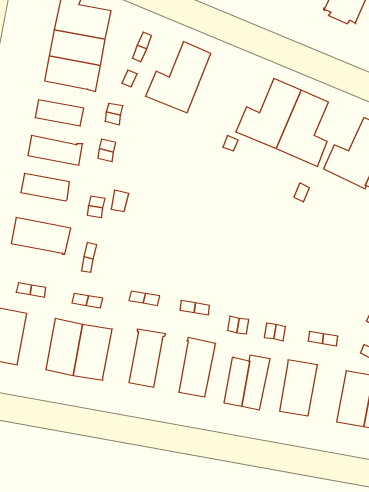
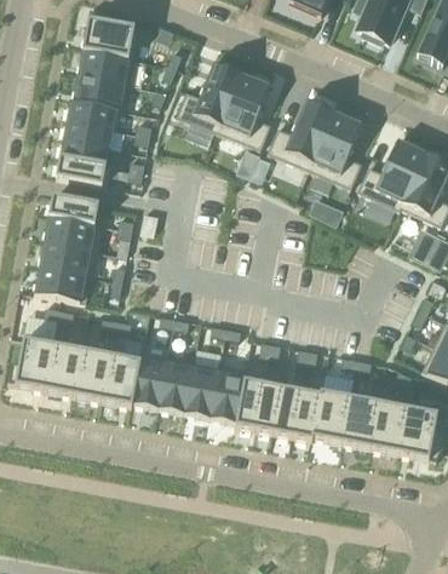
building: none -> [218,73,271,149]
building: none -> [67,99,116,128]
building: none -> [59,138,109,166]
building: none -> [44,214,104,251]
building: none -> [34,266,91,303]
building: none -> [45,338,84,395]
building: none -> [132,351,168,408]
building: none -> [184,361,219,418]
building: none -> [235,374,266,429]
building: none -> [292,384,321,440]
building: none -> [341,390,380,448]

